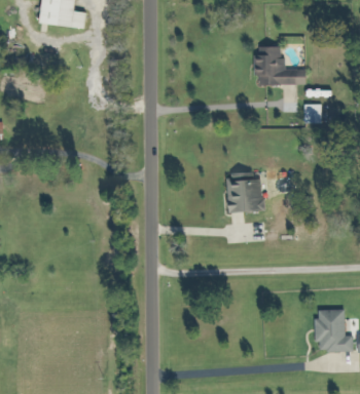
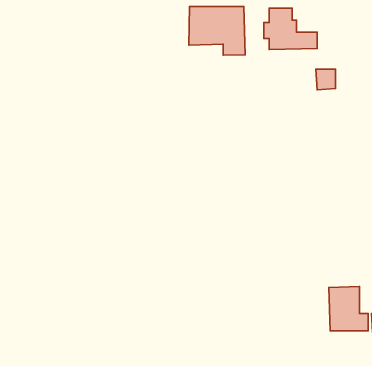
building: none -> [189,6,245,55]
building: [225,179,262,212] -> none

